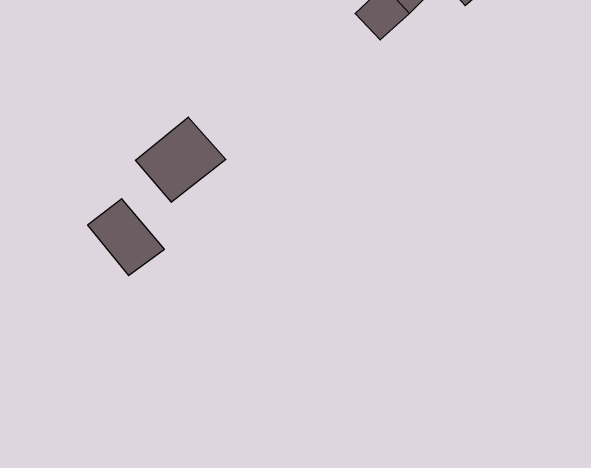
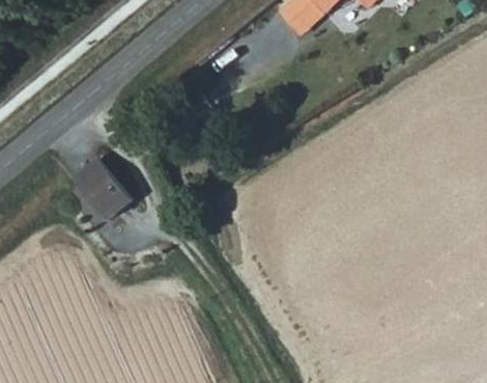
building: [135,117,226,202] -> none

